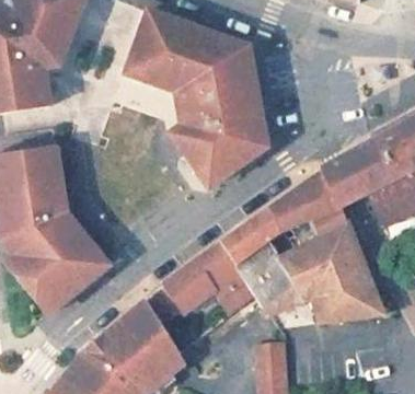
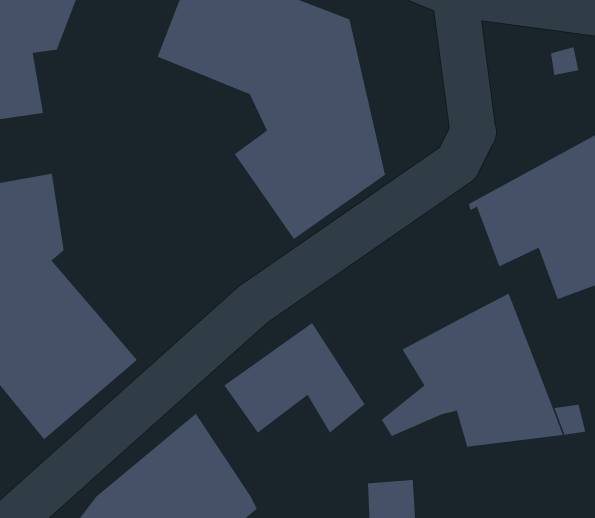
building: [221,167,347,304] -> none

